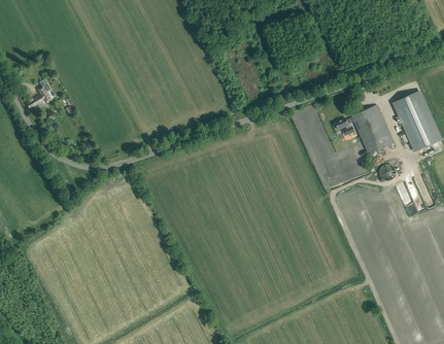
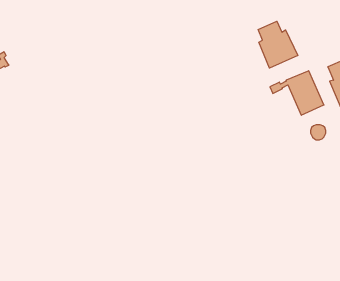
building: none -> [258,21,298,68]

